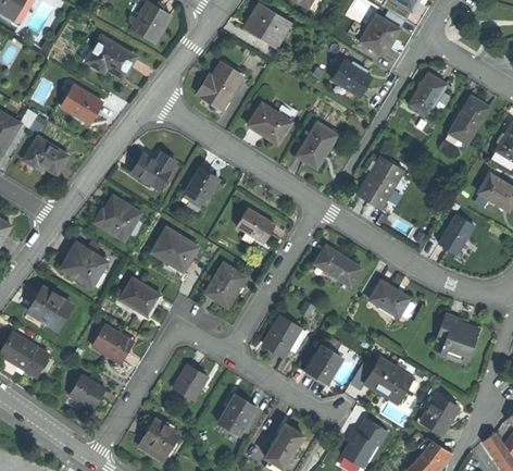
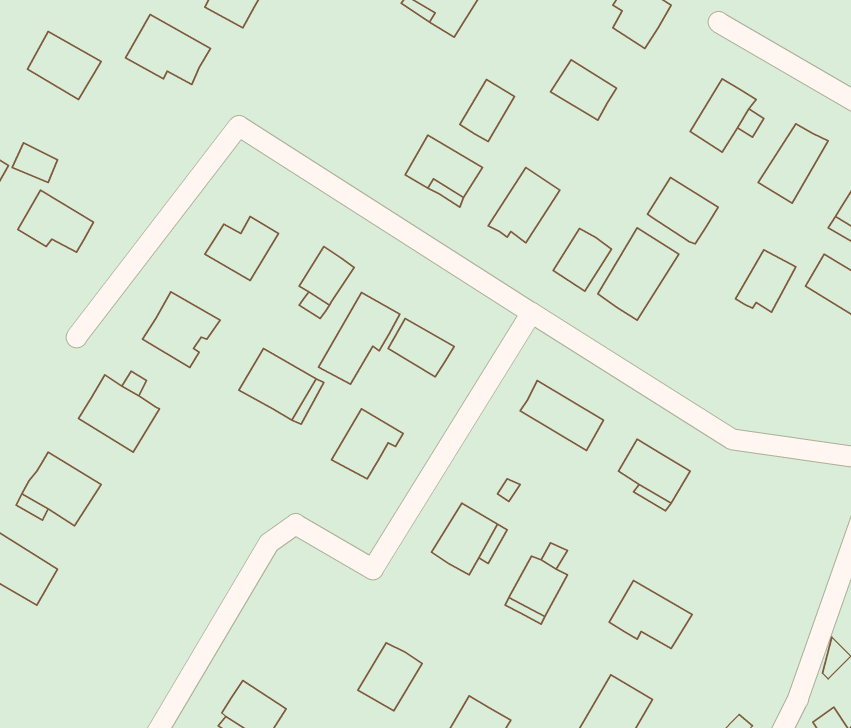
building: [197,64,242,109] -> none
building: none -> [460,79,515,142]
building: [60,85,102,124] -> [27,31,101,99]
building: none -> [648,177,718,244]
building: none -> [553,228,611,291]
building: none -> [318,292,400,384]
building: [438,218,473,253] -> [736,250,796,312]
building: [117,278,161,318] -> none
building: [437,317,478,364] -> none
building: [91,325,135,363] -> none
building: [174,365,209,400] -> none
building: [66,373,104,410] -> none
building: [417,397,458,436] -> none

